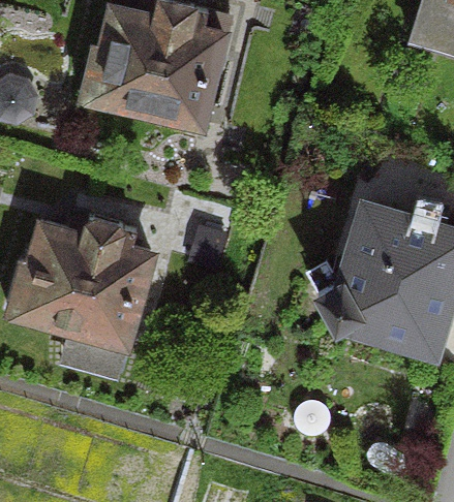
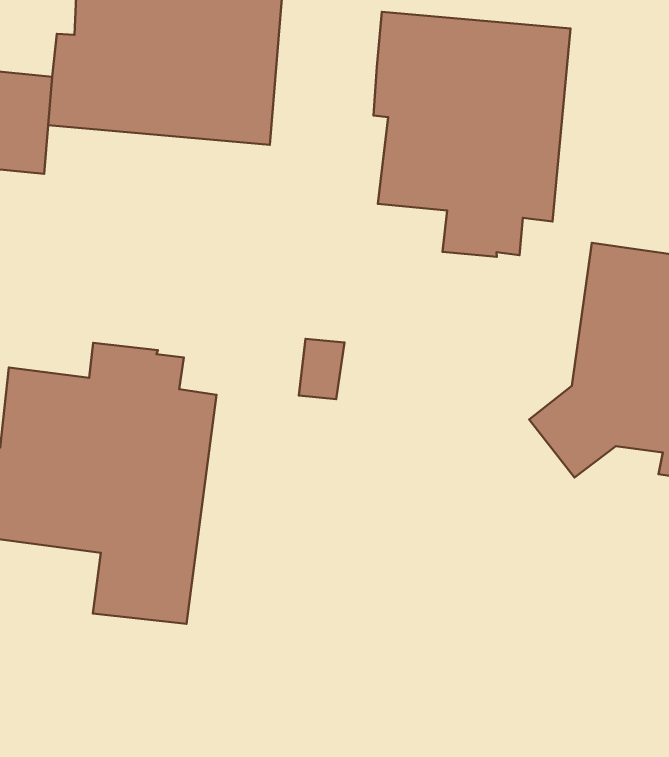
building: none -> [374,12,570,257]

